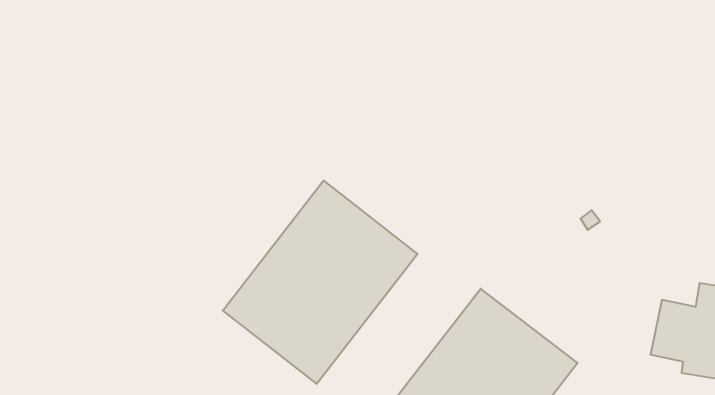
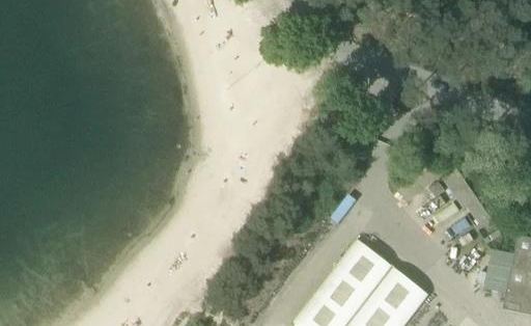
building: [223,181,418,384] -> none

